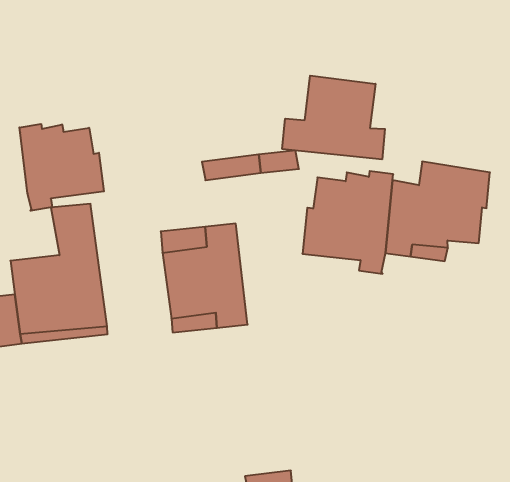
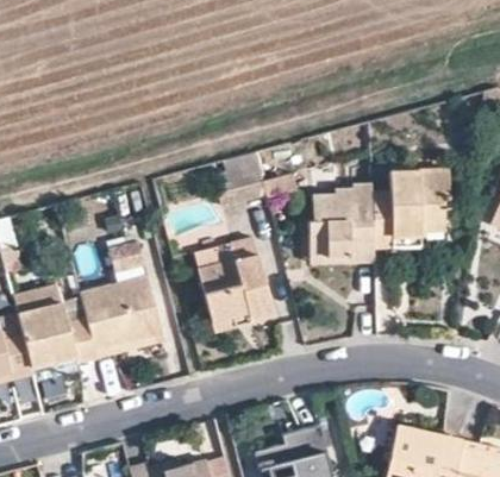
building: [282,76,385,159] -> none
building: [19,124,104,211] -> none

